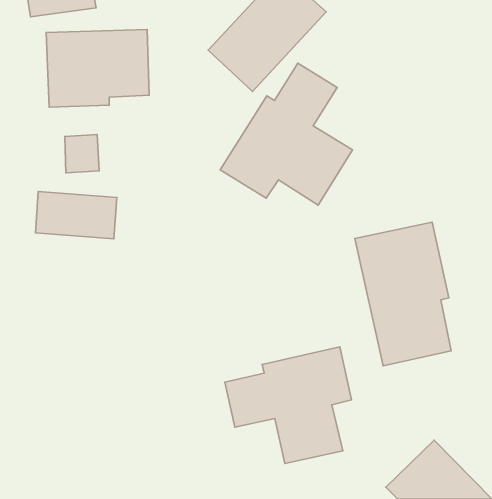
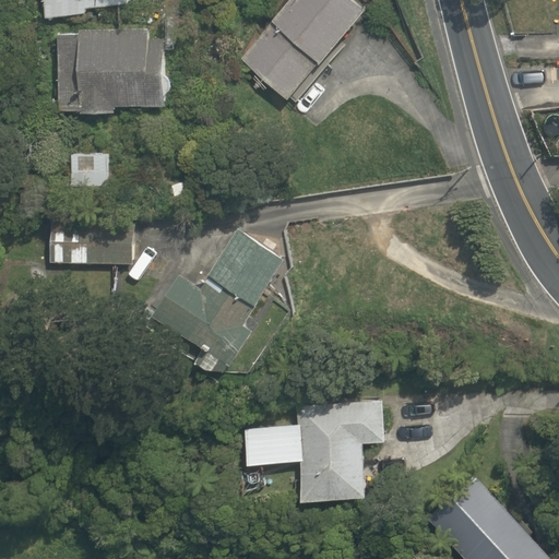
building: [220,63,352,205] -> none
building: none -> [158,229,292,357]
building: [355,222,451,366] -> none

